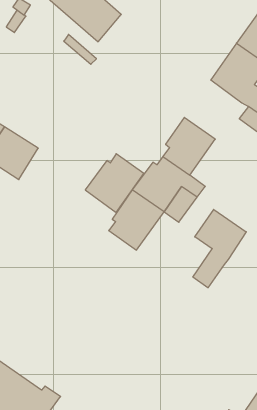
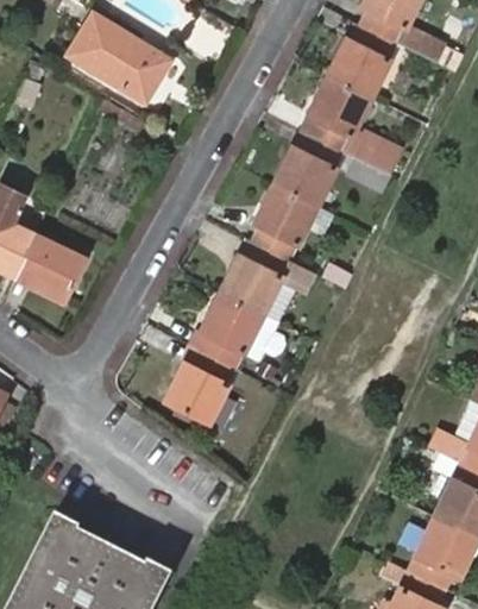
building: none -> [272,128,345,206]
building: [85,154,144,213] -> [163,347,237,425]
building: [193,209,246,288] -> none

